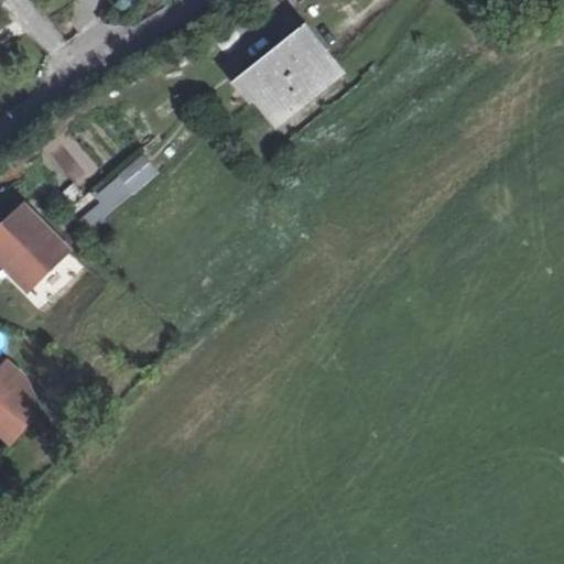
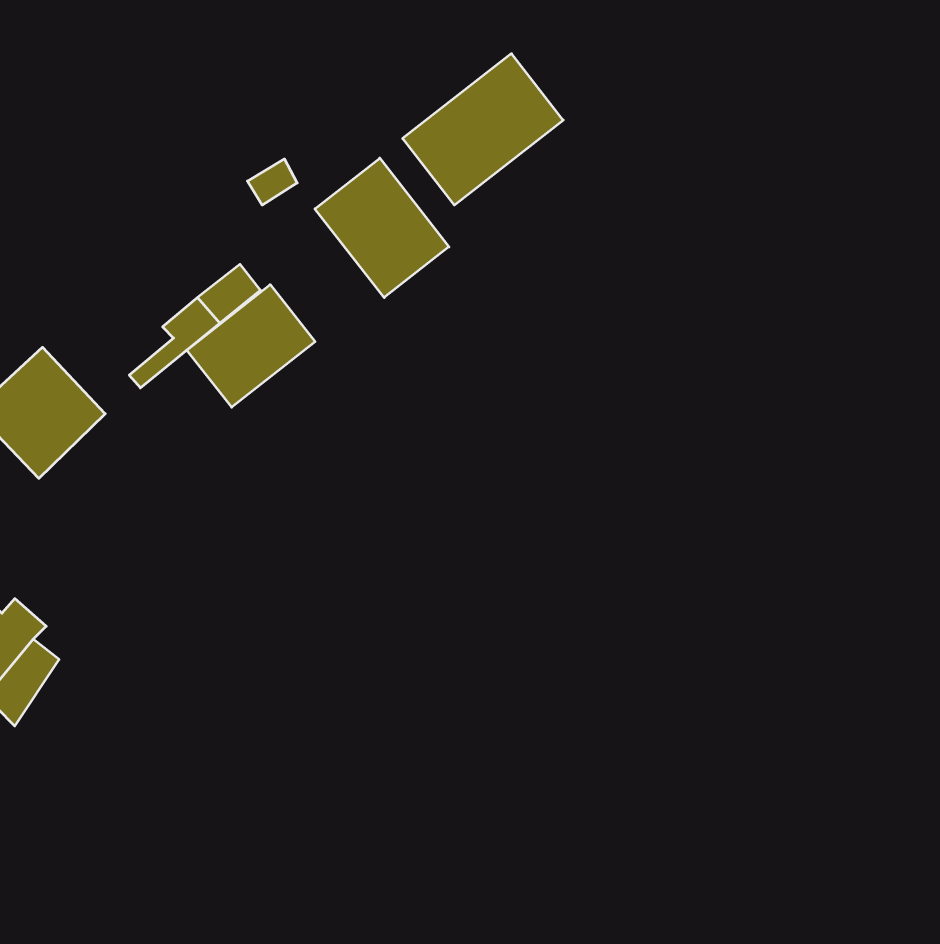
building: none -> [315,158,449,298]
building: none -> [187,285,315,407]

